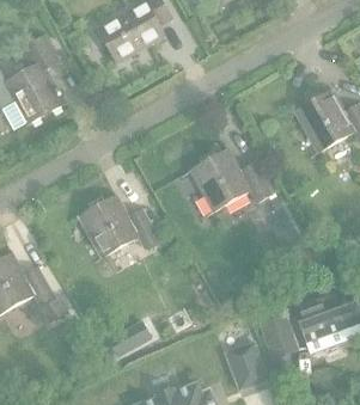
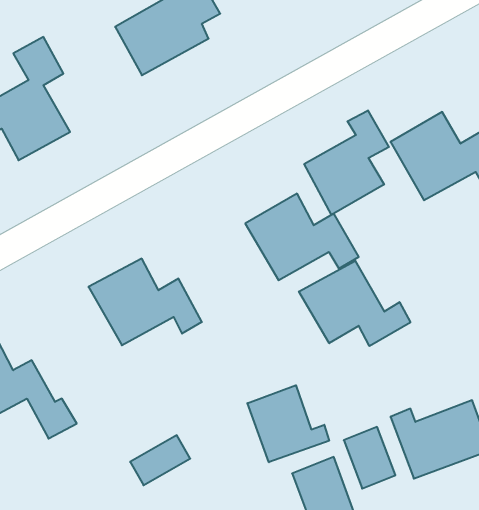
building: none -> [304,110,389,215]
building: none -> [299,261,410,346]
building: none -> [247,385,329,462]

